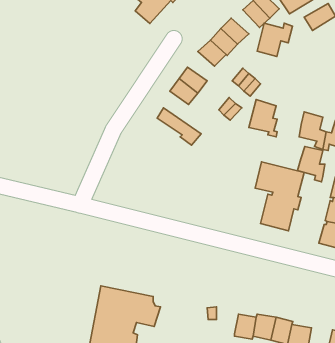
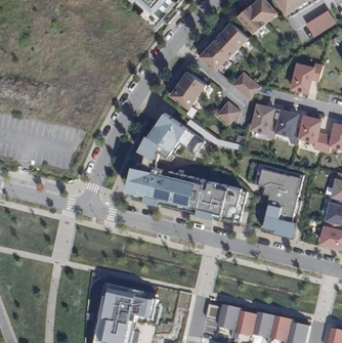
building: [257,23,292,56] -> [288,61,323,94]
building: none -> [140,120,182,163]
building: [298,146,325,182] -> [272,109,299,143]
building: none -> [127,159,245,217]
building: none -> [216,304,239,332]

